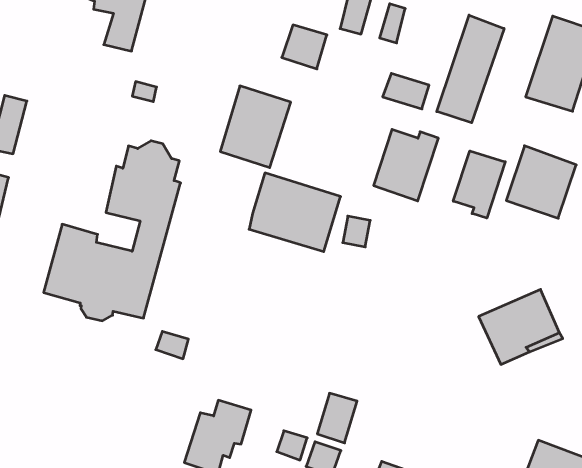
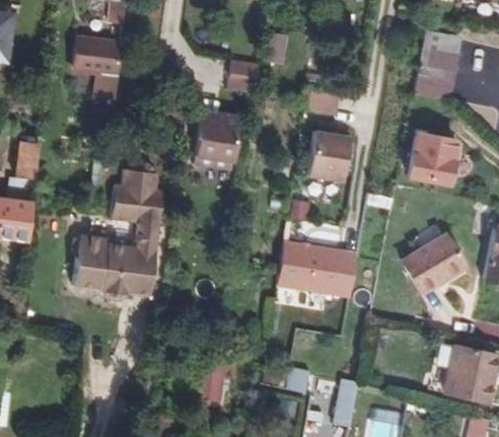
building: [437,15,504,123] -> none
building: [453,151,505,218] -> none
building: [249,173,341,252] -> [278,240,343,293]

